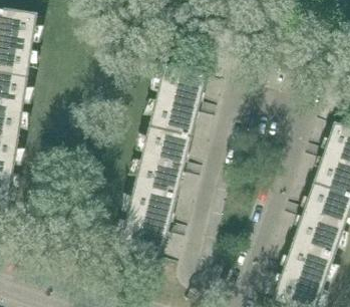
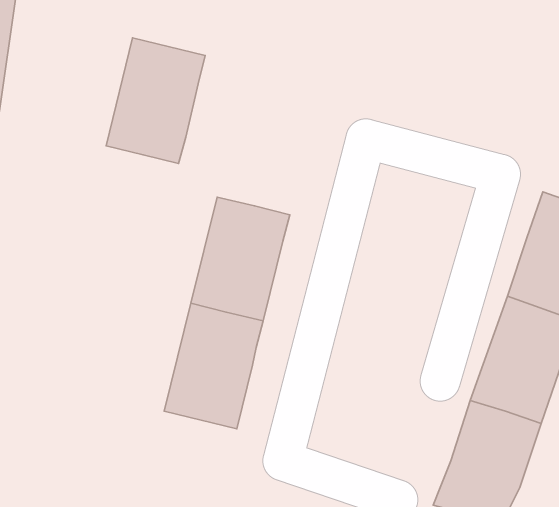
building: [150,62,207,133] -> [106,38,205,164]

